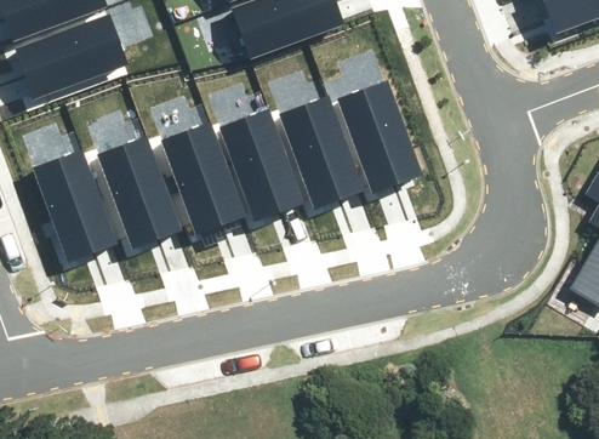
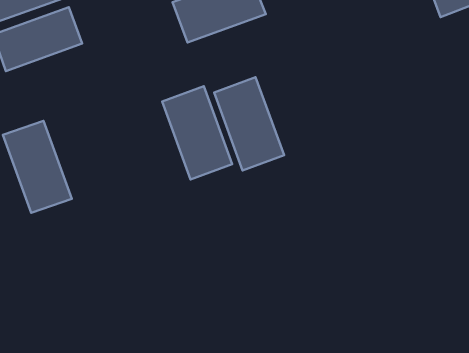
building: [338,81,421,193] -> none
building: [165,121,247,233] -> none
building: [95,133,178,245] -> none

